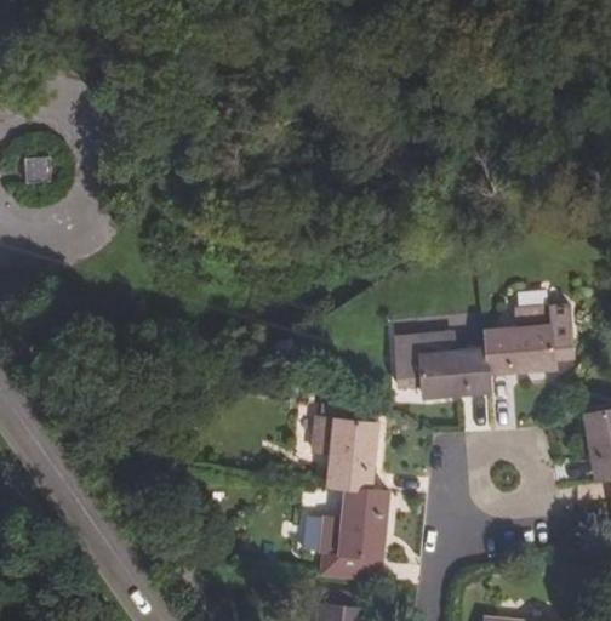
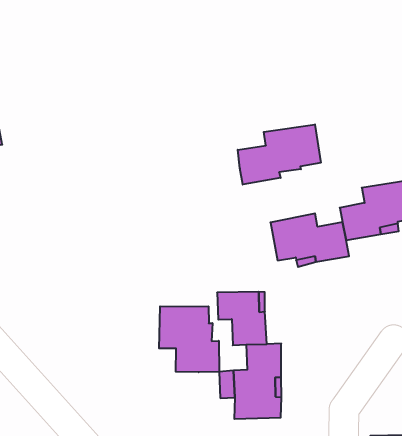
building: none -> [238,124,321,185]
building: none -> [159,306,219,372]

